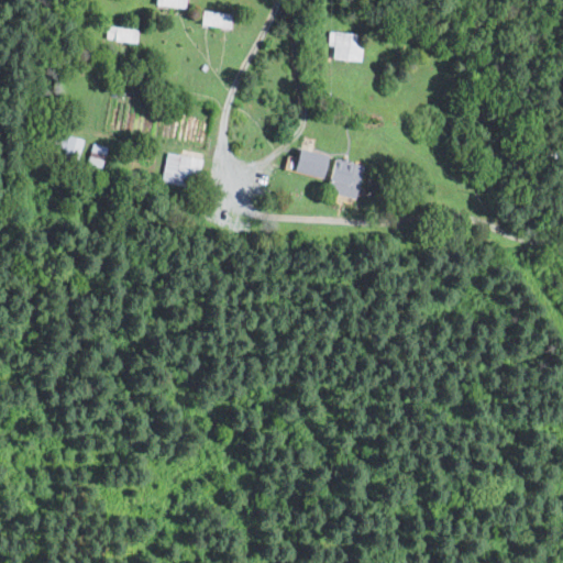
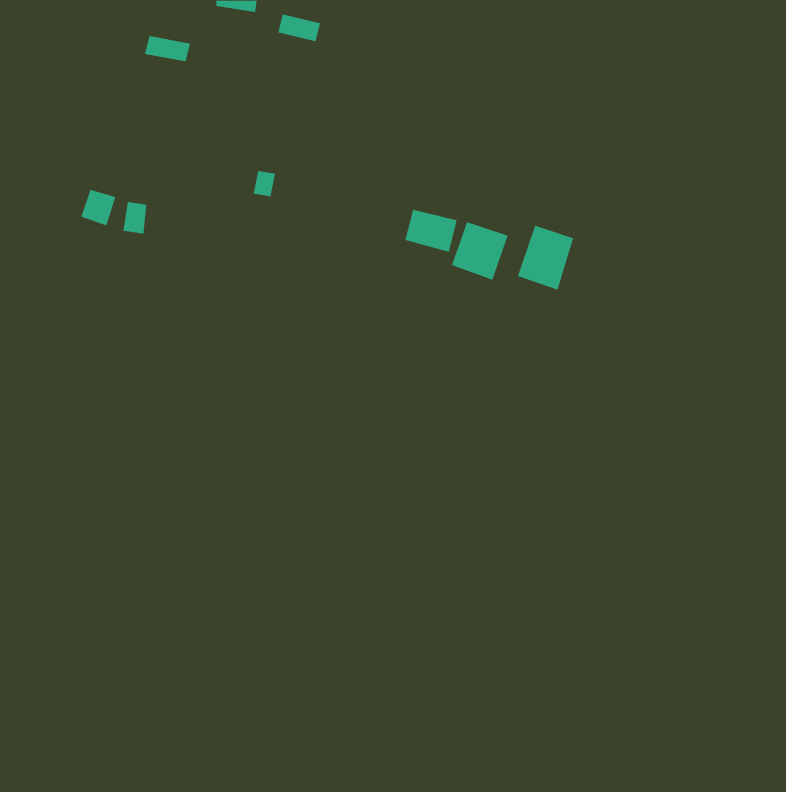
building: [330,32,363,62] -> none
building: [164,153,203,186] -> none
building: none -> [517,225,574,291]

